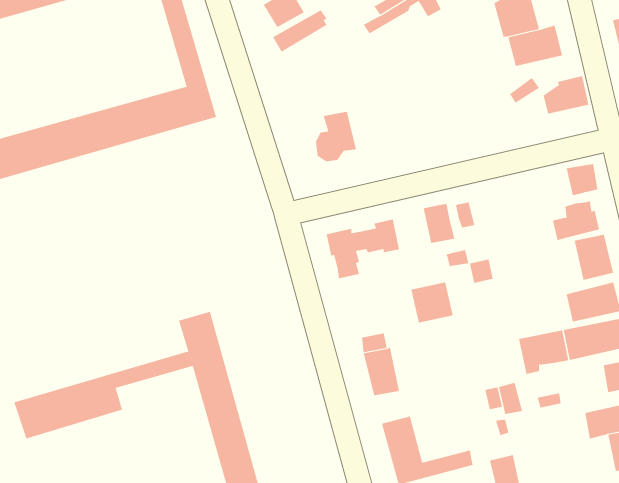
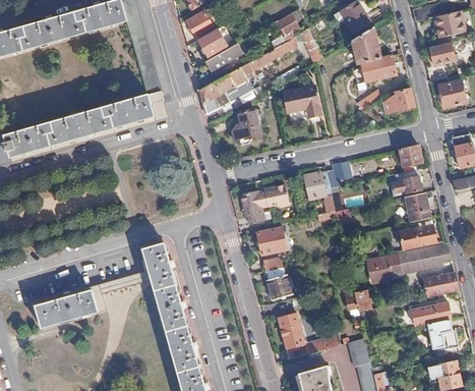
building: none -> [200,64,255,113]
building: none -> [283,86,319,115]
building: [411,282,454,323] -> [256,226,285,254]

